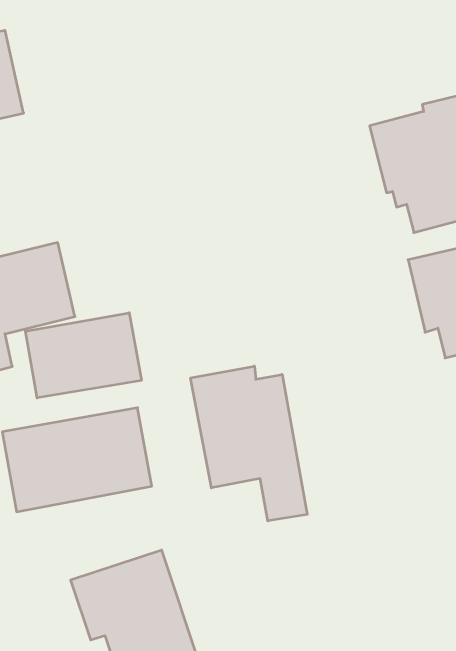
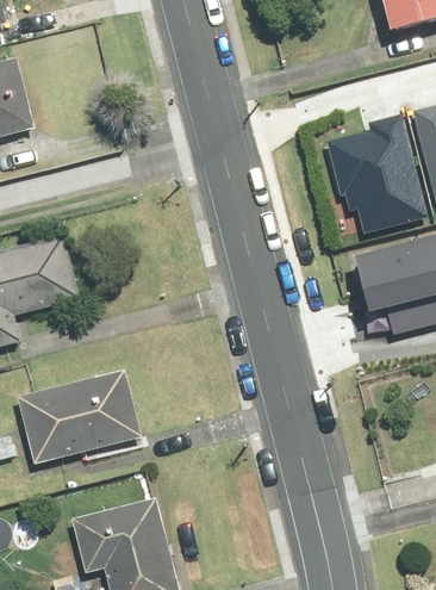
building: [25,313,141,398] -> none
building: [191,366,307,521] -> none

